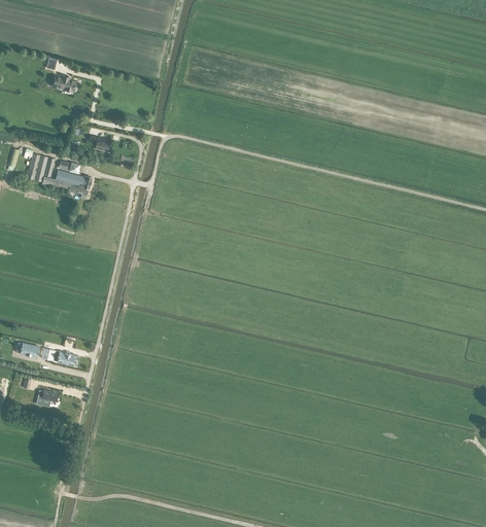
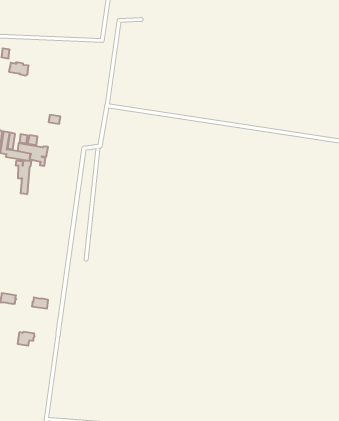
building: none -> [16,161,31,194]

